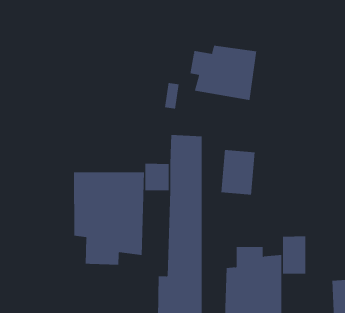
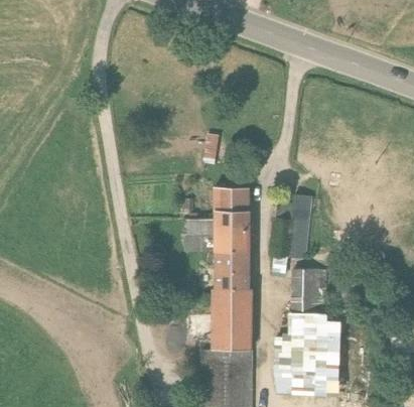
building: [190,45,257,101] -> none
building: [74,172,144,266] -> none
building: [282,236,306,274] -> [292,272,319,315]

